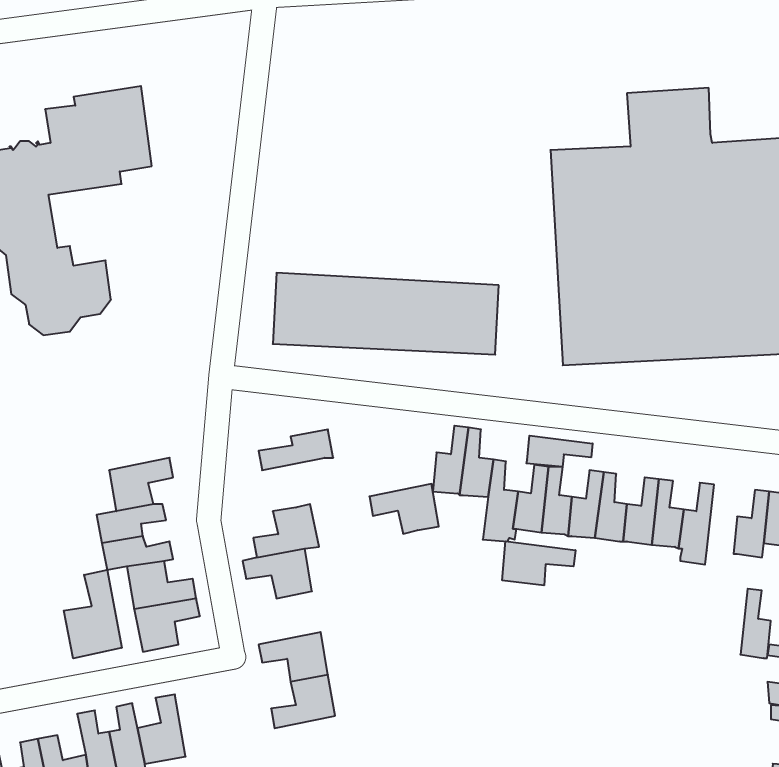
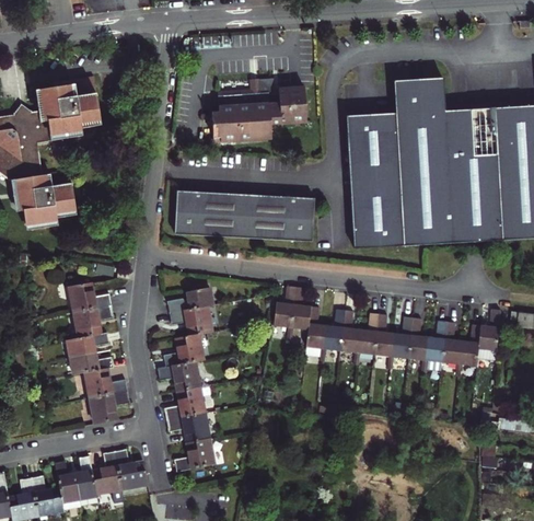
building: none -> [212,78,306,141]
building: none -> [69,281,112,312]
building: [526,436,593,467] -> none
building: [369,484,439,534] -> [169,304,211,335]
building: [502,541,575,585] -> none
building: [64,570,122,658] -> none
building: [740,589,771,658] -> [442,321,461,363]
building: none -> [164,386,205,419]
building: none -> [115,448,148,488]

